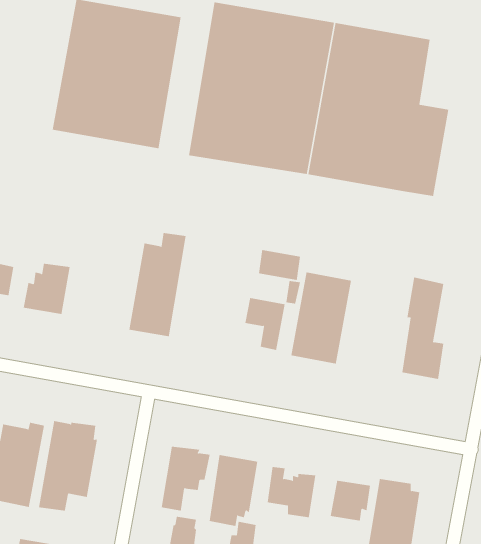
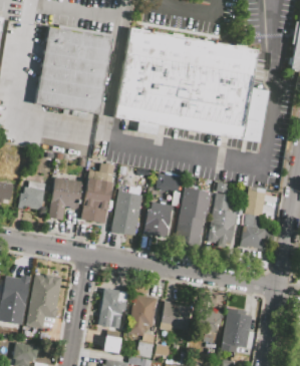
building: none -> [49,177,82,221]
building: none -> [209,182,237,245]
building: none -> [111,191,142,236]

